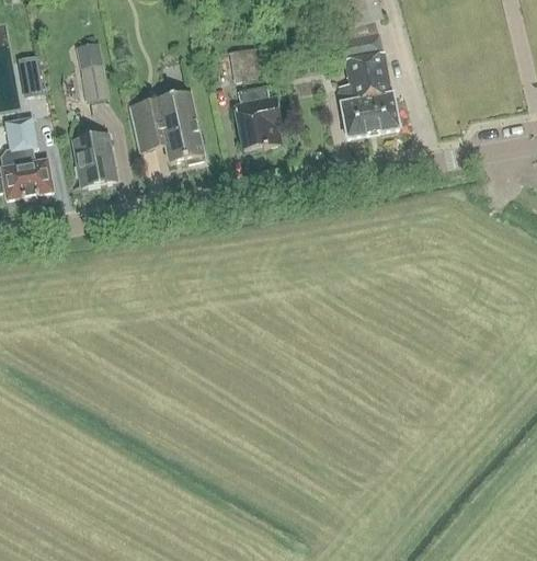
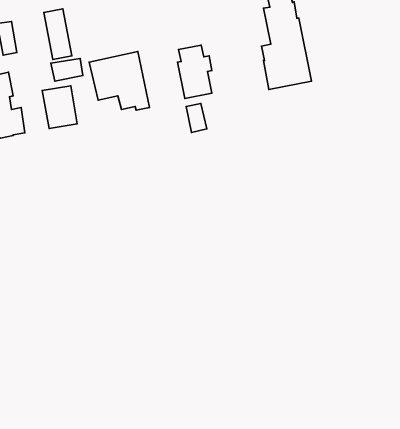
building: [227,45,260,81] -> none
building: none -> [51,58,83,81]
building: none -> [186,103,207,133]

